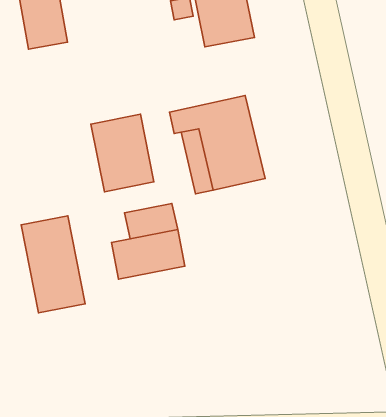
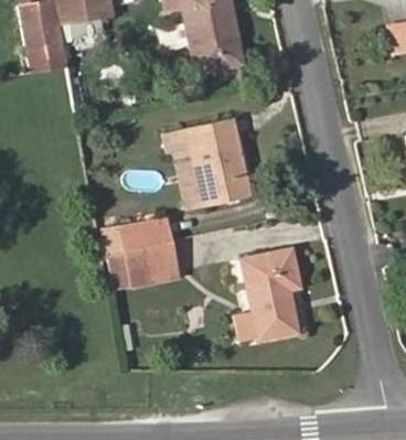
building: [91,114,154,192] -> none
building: [21,216,85,313] -> none
building: none -> [236,248,300,340]

